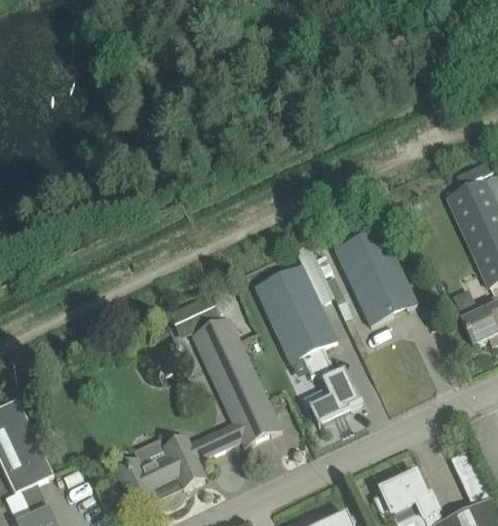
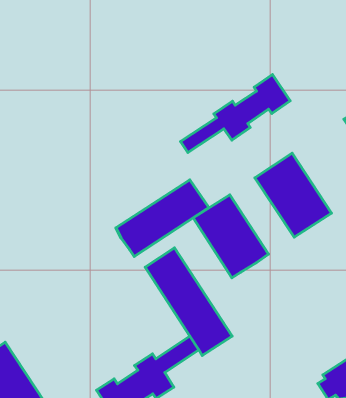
building: none -> [180,75,290,153]
building: none -> [116,180,209,256]
building: [302,347,359,424] -> none

